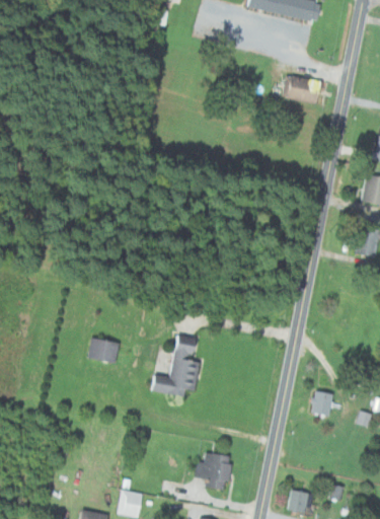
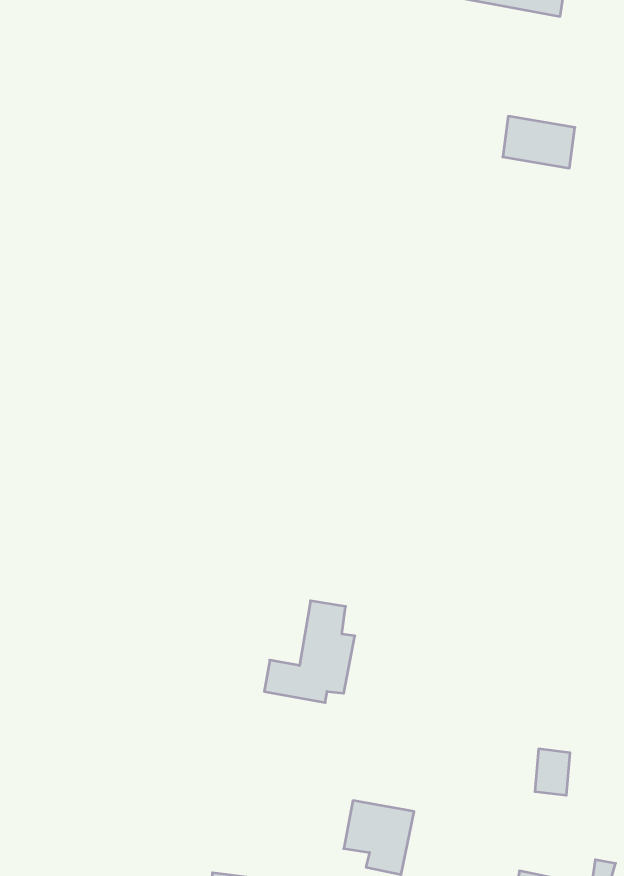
building: [88,338,119,363] -> none
building: [313,390,332,416] -> [535,749,570,795]

